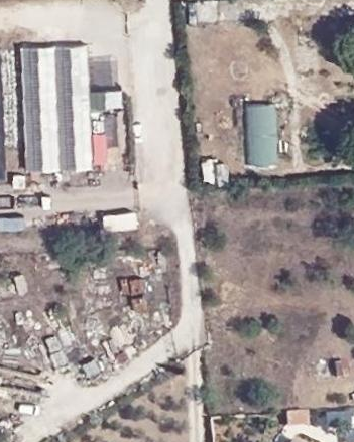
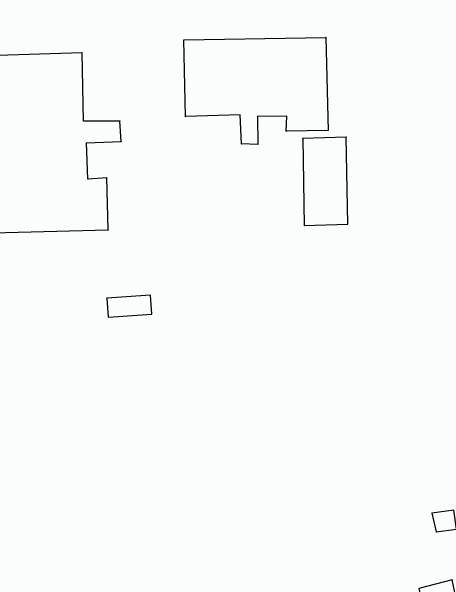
building: none -> [184,37,328,144]

